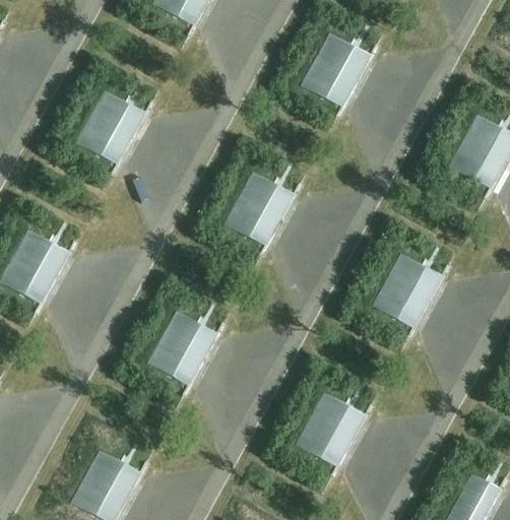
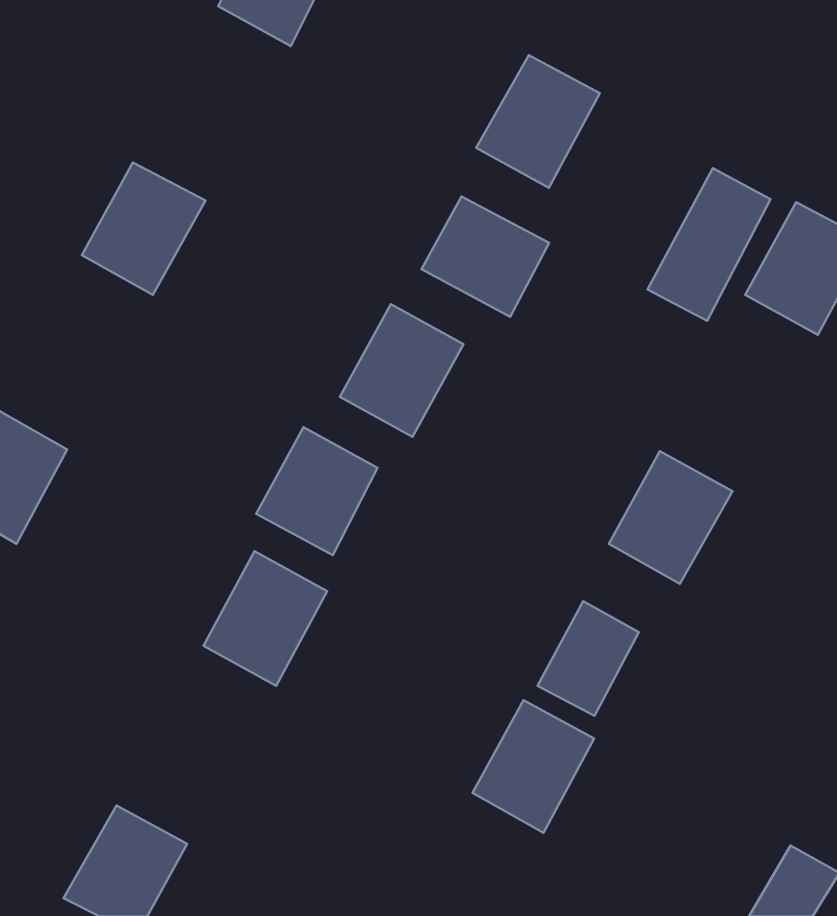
building: none -> [647,168,771,321]
building: none -> [421,197,549,317]
building: none -> [256,427,378,555]
building: none -> [538,601,639,716]

